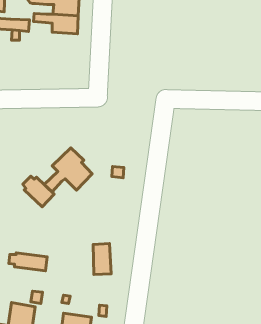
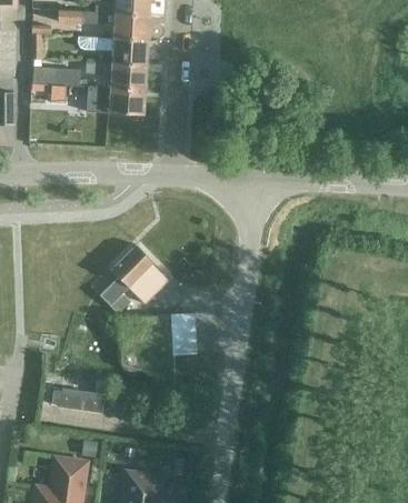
building: none -> [86,87,145,114]
building: [23,176,54,207] -> none
building: [93,244,111,275] -> [172,313,197,355]

